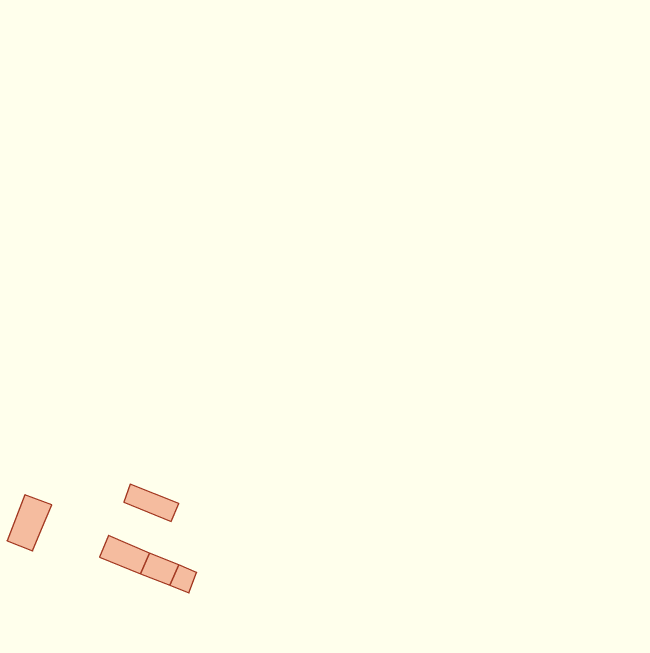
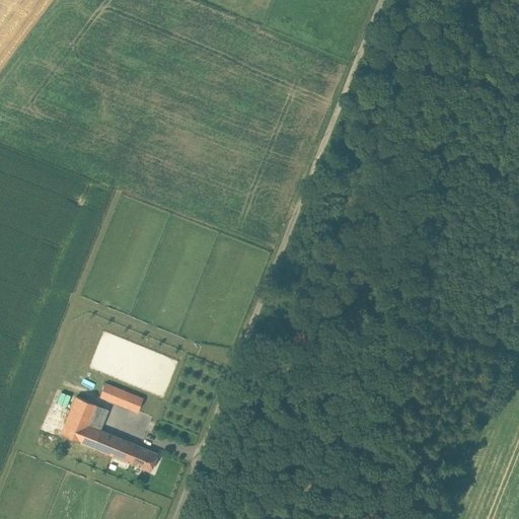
building: [7,495,52,551] -> [61,397,96,442]

